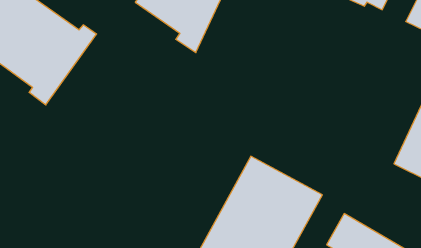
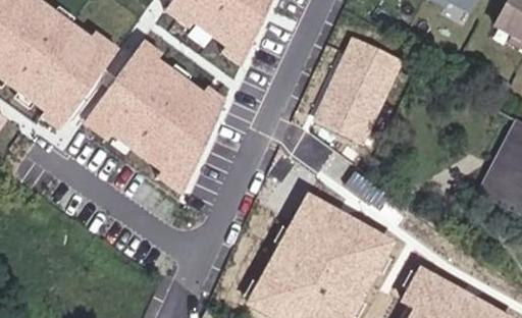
building: none -> [314,37,401,139]
building: none -> [85,40,228,196]

